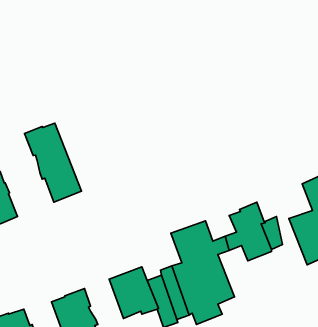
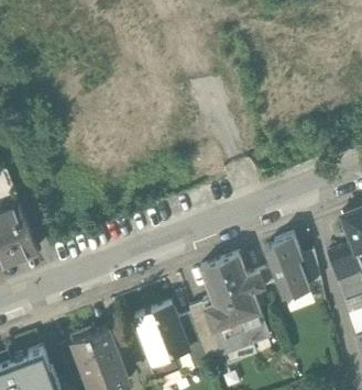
building: [24,123,82,202] -> none

